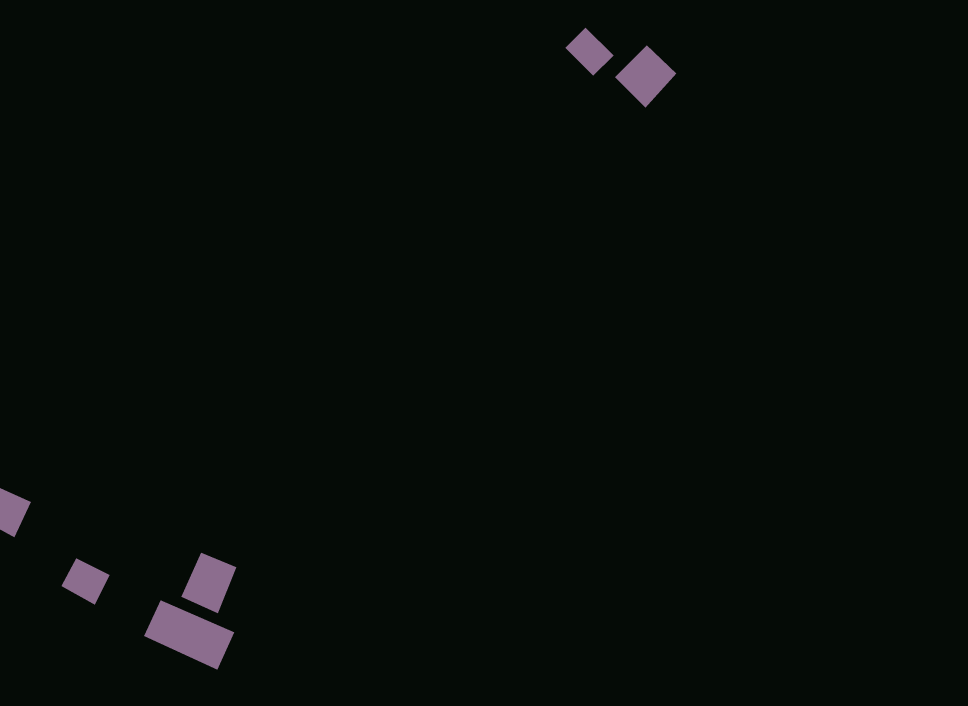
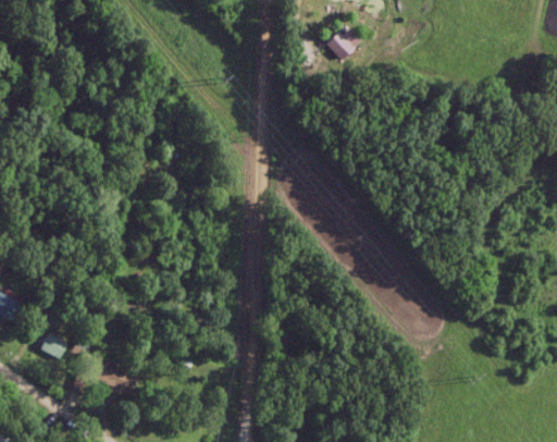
building: [614,45,677,108] -> none
building: [180,552,237,614] -> none

